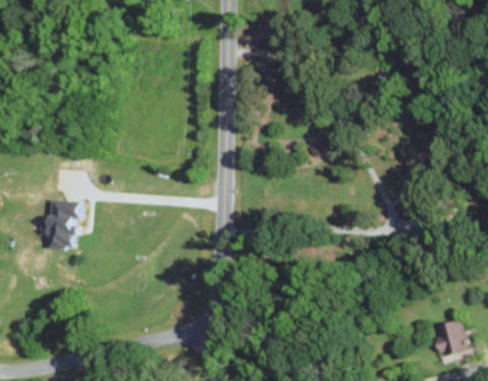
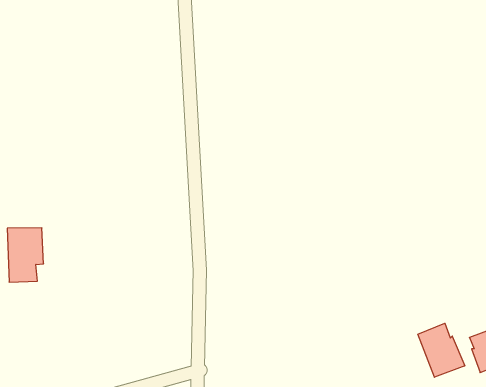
building: none -> [418,323,465,377]

